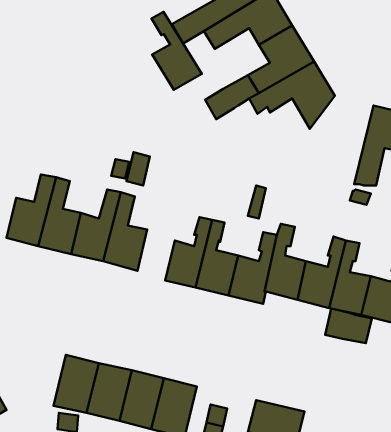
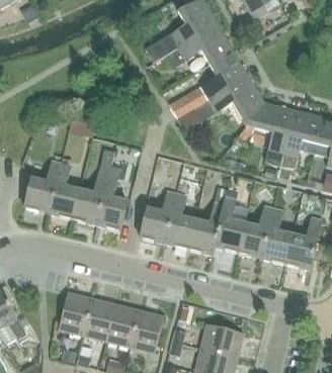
building: [151,12,202,90] -> none
building: none -> [247,102,294,167]
building: [325,308,372,343] -> none

